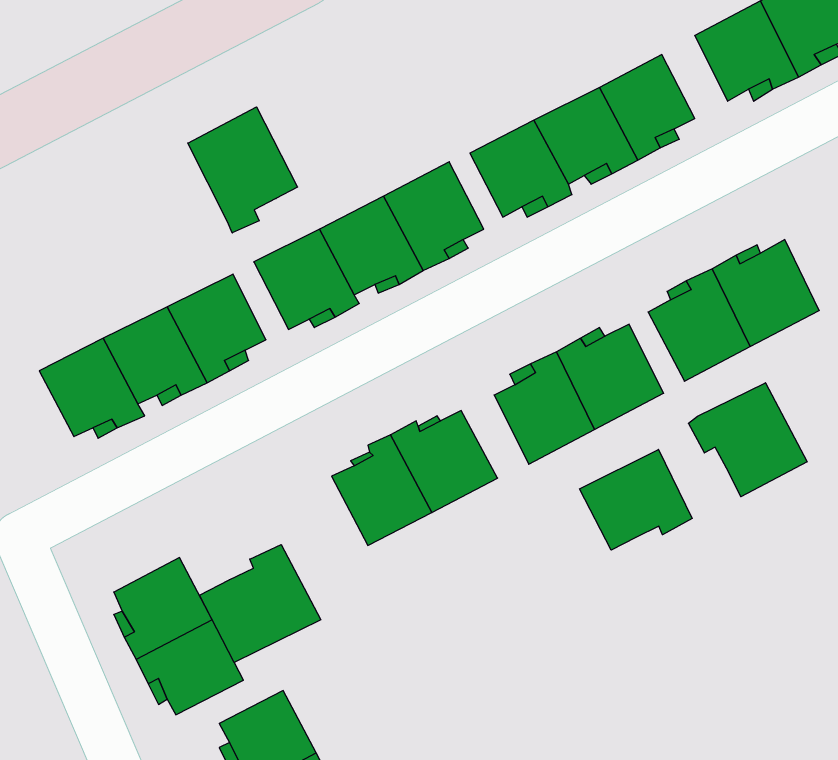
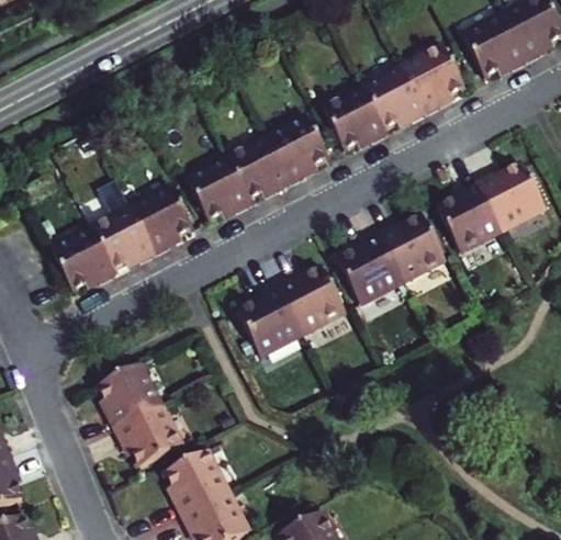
building: [188,107,298,233] -> none
building: [688,383,807,497] -> none
building: [580,449,692,550] -> none
building: [200,545,321,663] -> none

